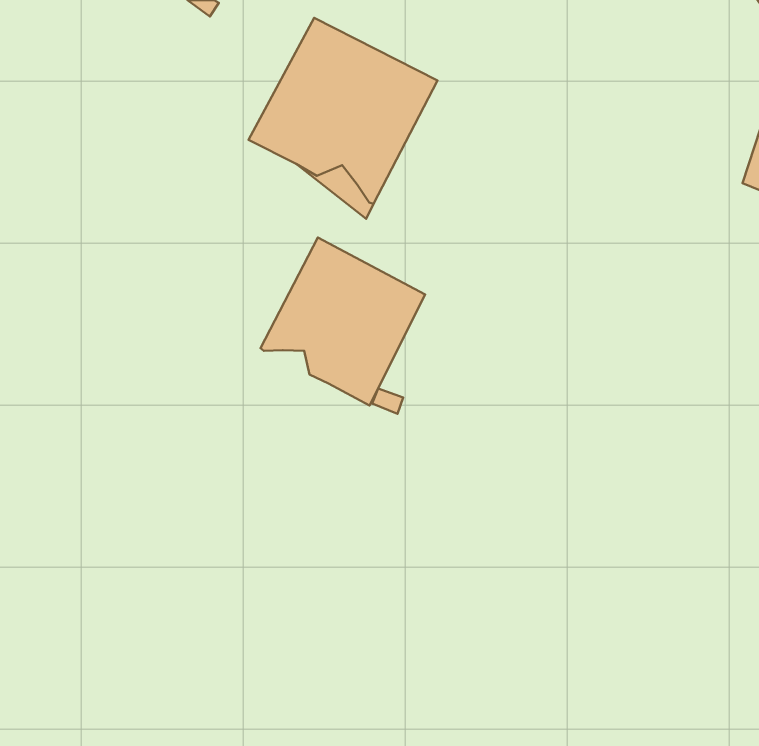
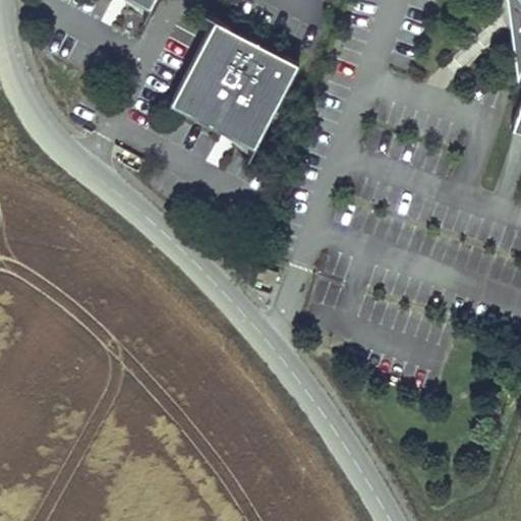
building: [261,237,425,405] -> none

